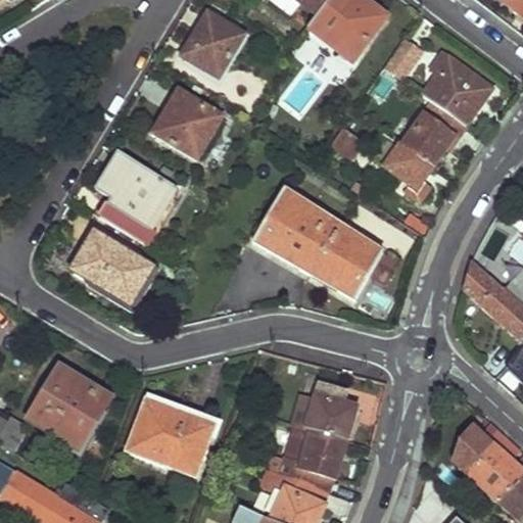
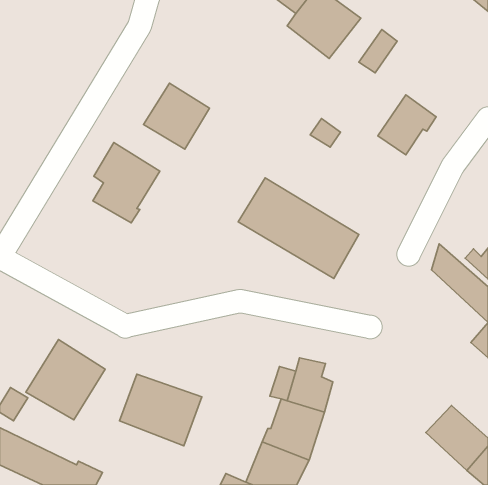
building: [181,10,244,76] -> none
building: [423,53,492,125] -> none
building: [385,143,433,189] -> none
building: [68,228,153,305] -> none

